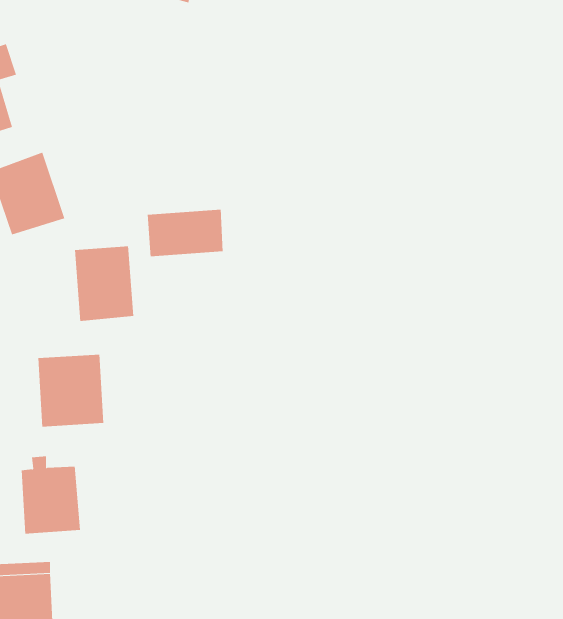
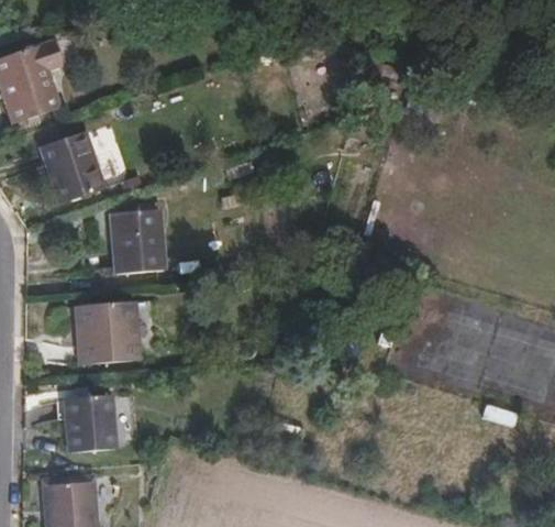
building: [147,209,223,257] -> none

